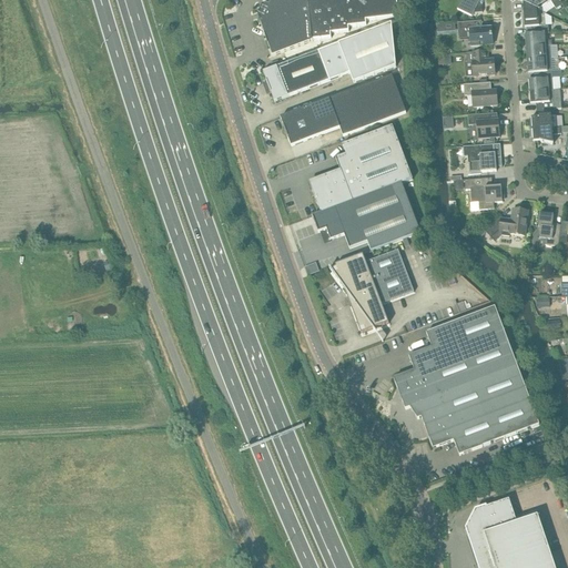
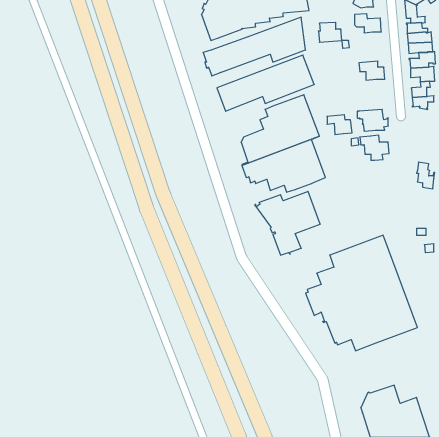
building: [464,48,494,73] -> [318,22,342,42]
building: [467,110,499,135] -> [327,115,352,135]
building: [481,205,527,233] -> none

